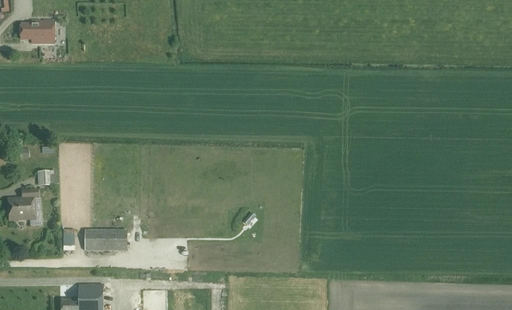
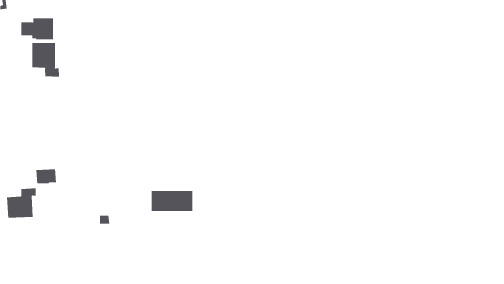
building: none -> [32,42,59,77]
building: [84,229,126,250] -> [151,190,193,212]

